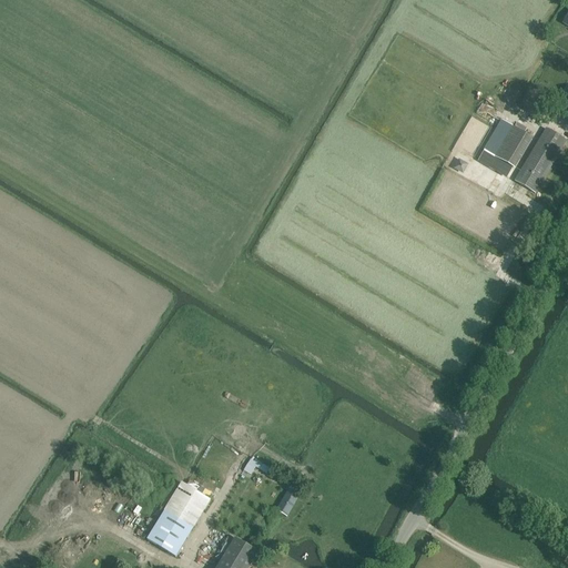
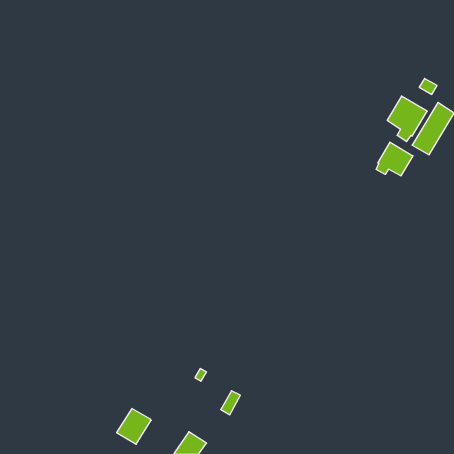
building: none -> [376,142,413,176]
building: [164,484,203,523] -> none

